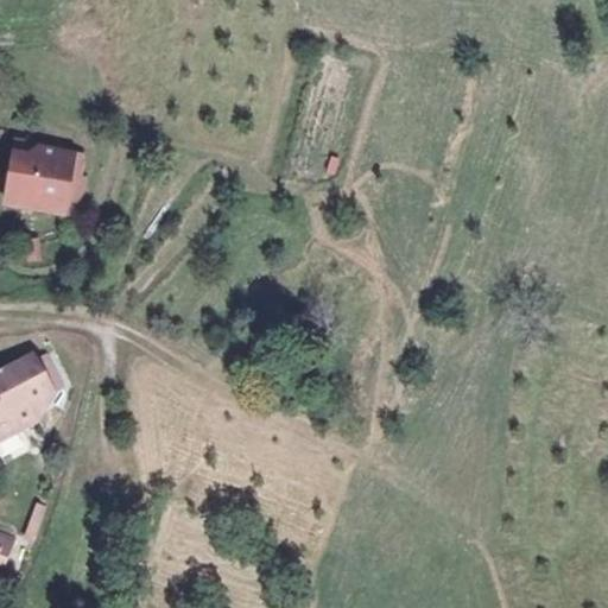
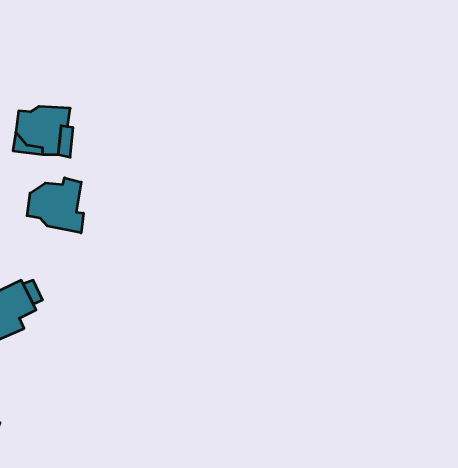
building: none -> [27,178,83,233]

